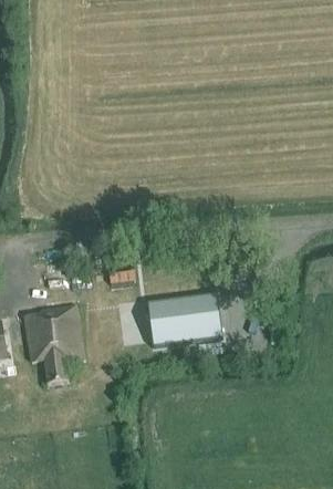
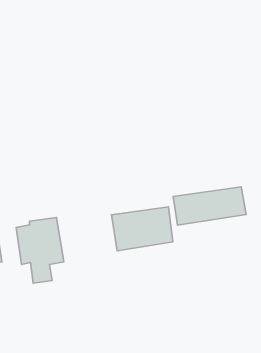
building: none -> [173,187,246,225]

